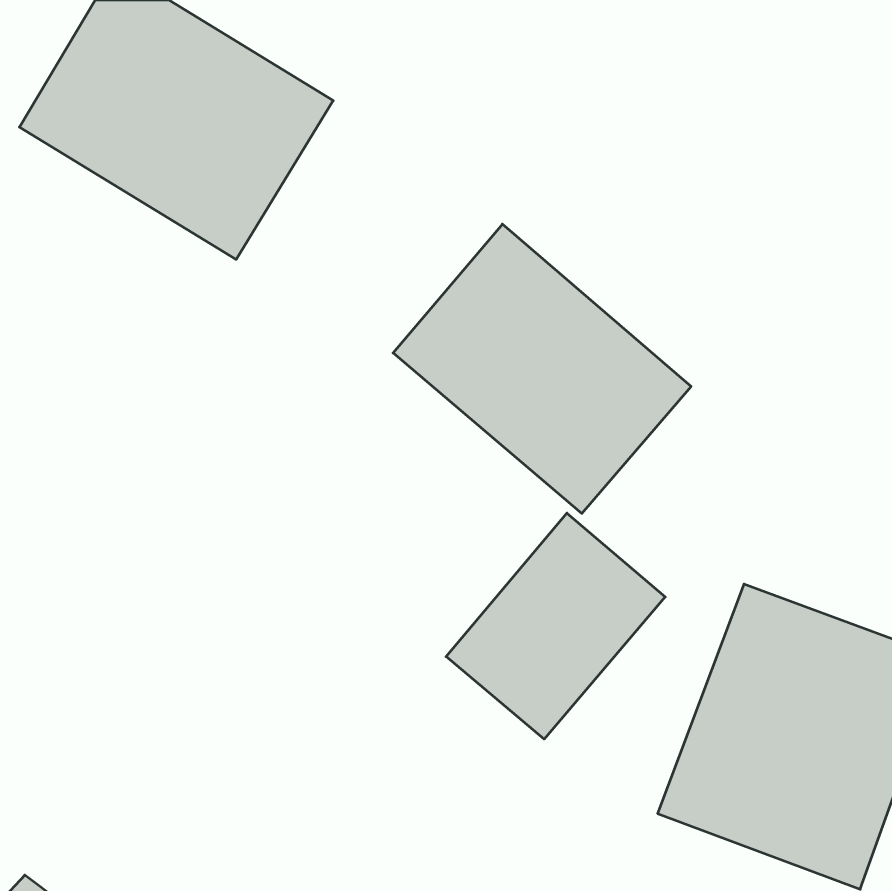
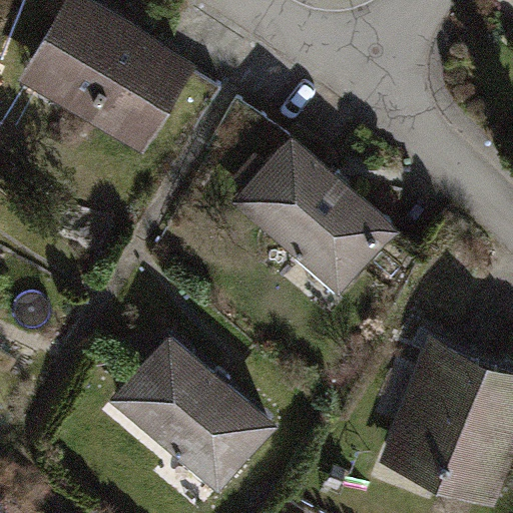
building: [446,513,665,739] -> none
building: none -> [107,333,276,495]

